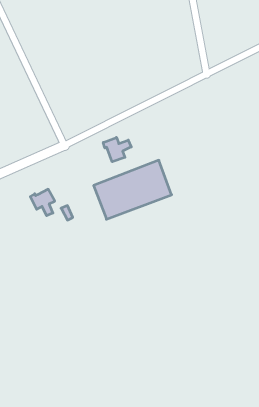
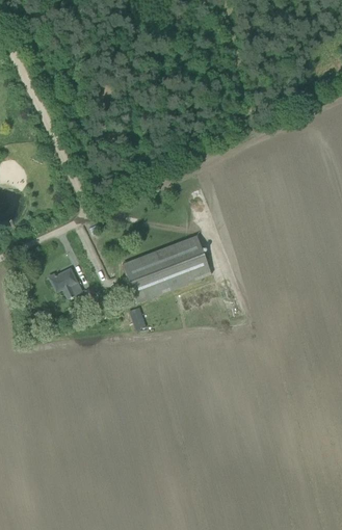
building: [103,137,131,162] -> none

